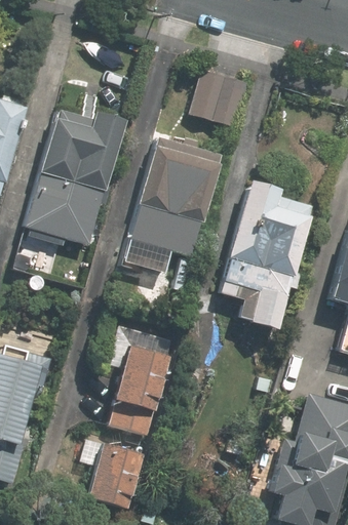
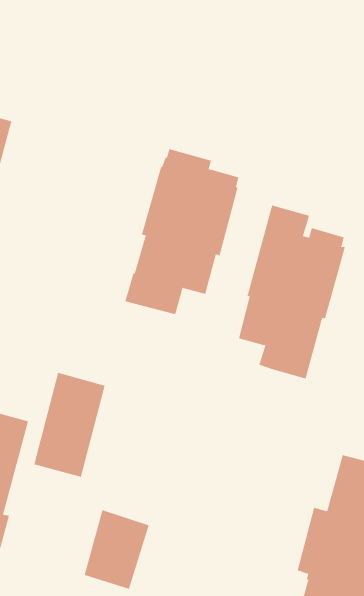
building: [189,70,252,128] -> none
building: [25,110,125,247] -> none
building: [108,346,169,436] -> [34,372,105,478]

